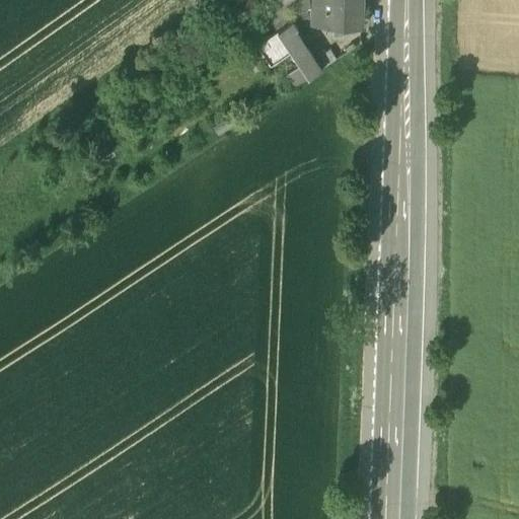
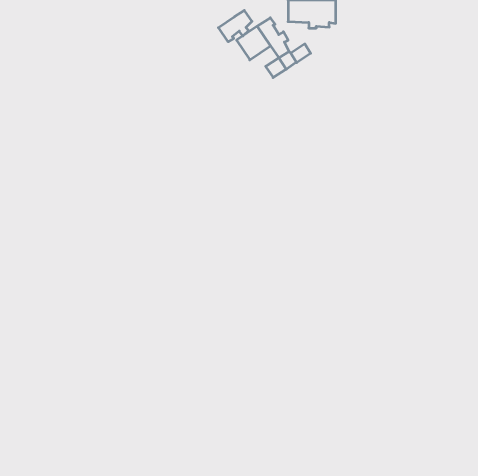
building: none -> [218,10,252,42]

